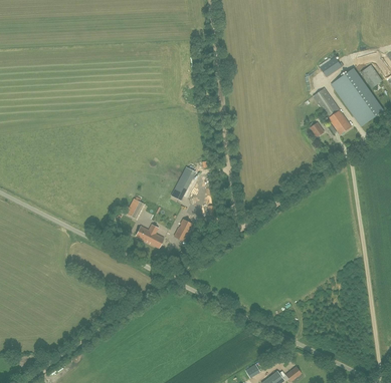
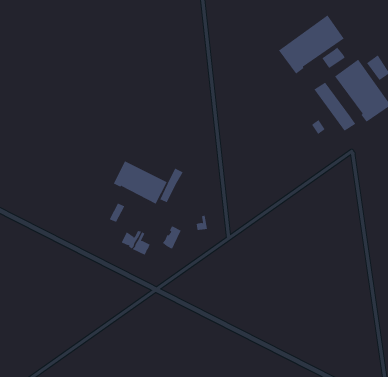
building: none -> [278,15,345,74]
building: none -> [113,160,167,204]

